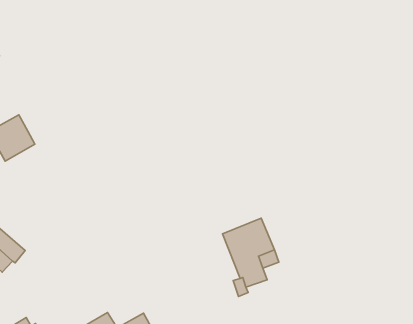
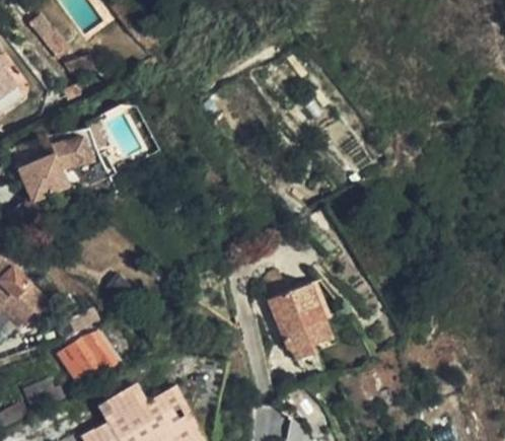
building: none -> [44,128,85,170]
building: none -> [56,335,116,383]

